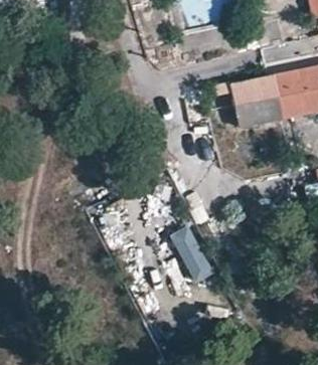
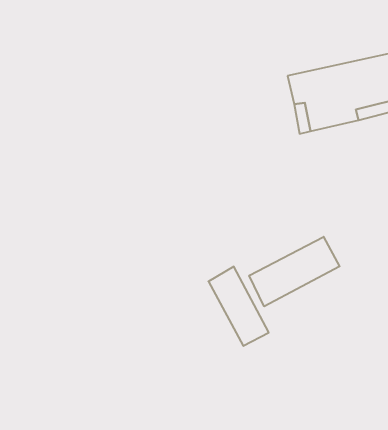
building: none -> [249,237,340,306]

